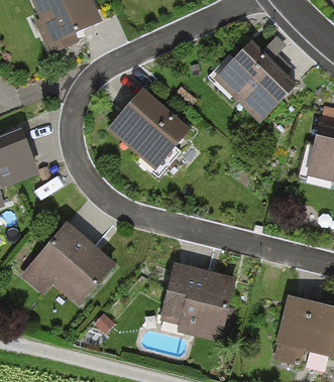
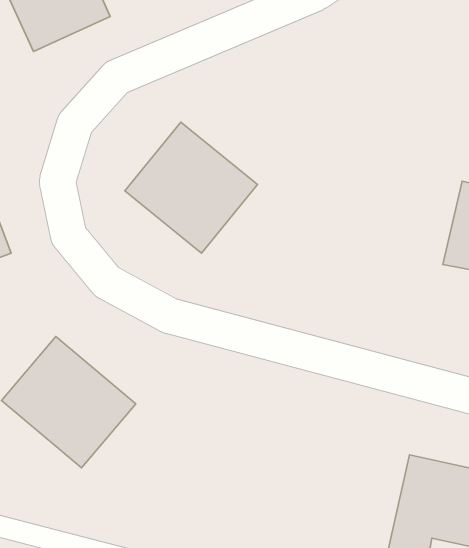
building: [215,38,297,119] -> none
building: [161,263,236,334] -> none

